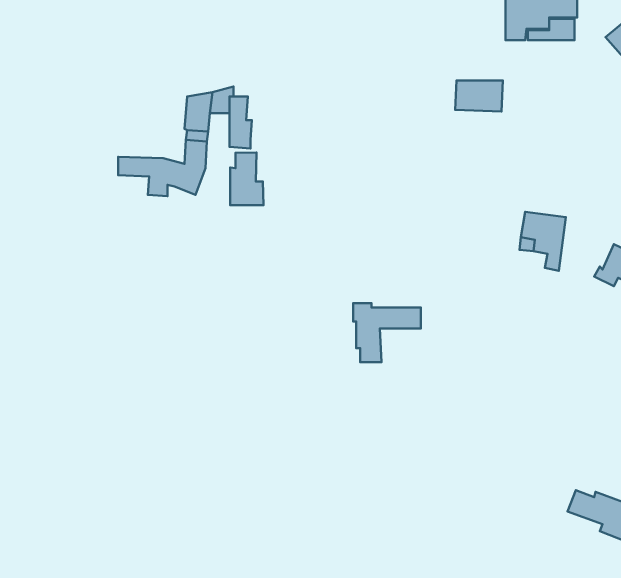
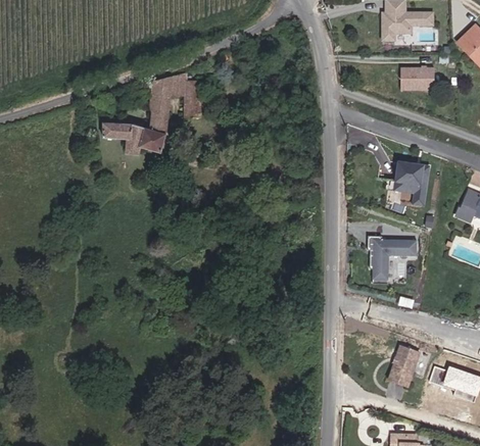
building: [455,80,503,111] -> [395,67,430,90]
building: [230,152,264,205] -> none
building: [353,303,421,362] -> [368,236,417,279]
building: none -> [388,345,419,386]

